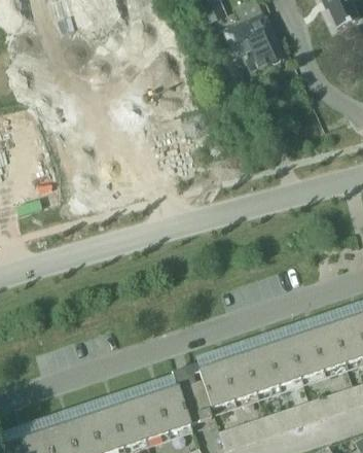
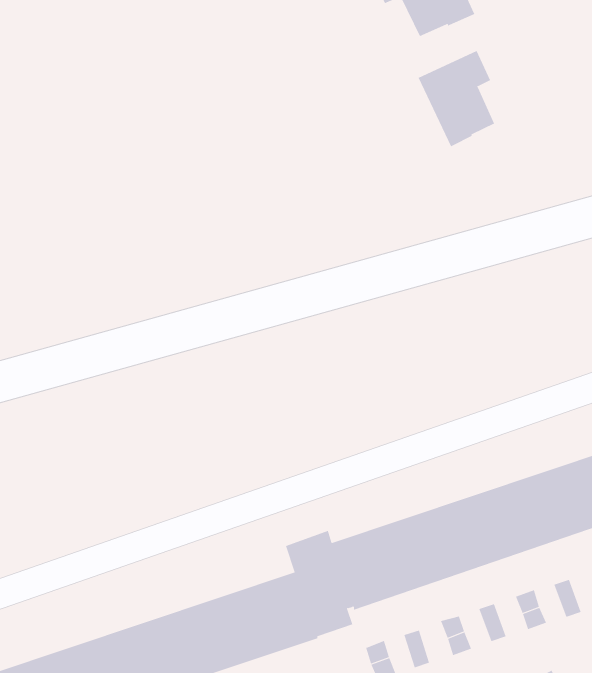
building: none -> [418,50,495,147]

